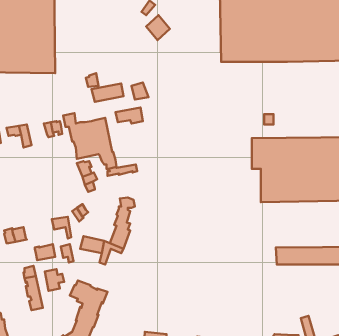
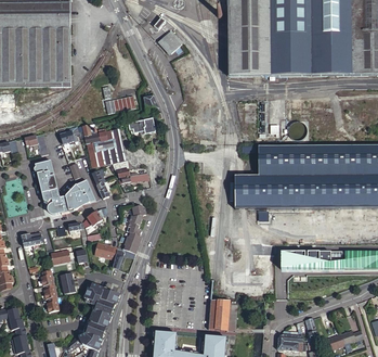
building: none -> [35,160,94,213]
building: none -> [235,176,266,207]
building: none -> [208,297,229,328]

